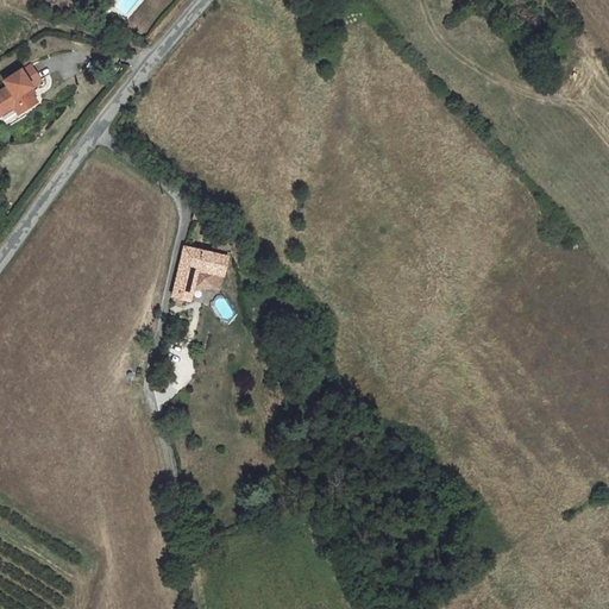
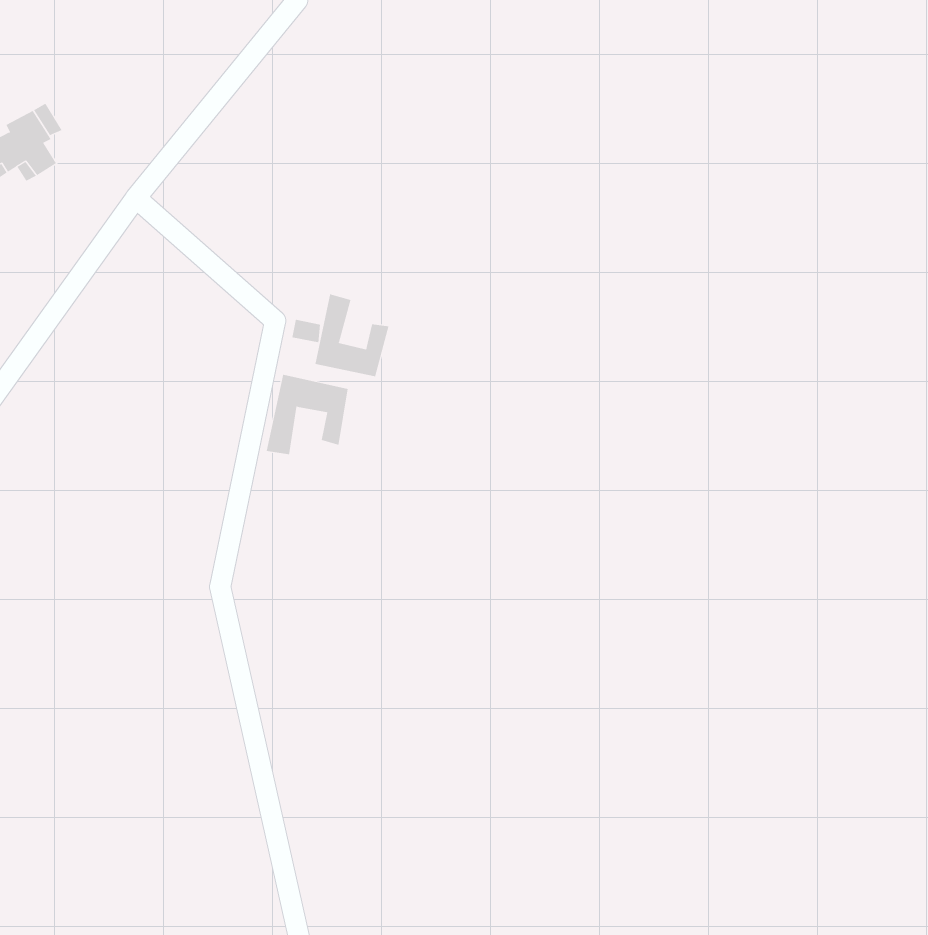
building: none -> [315,294,389,377]

